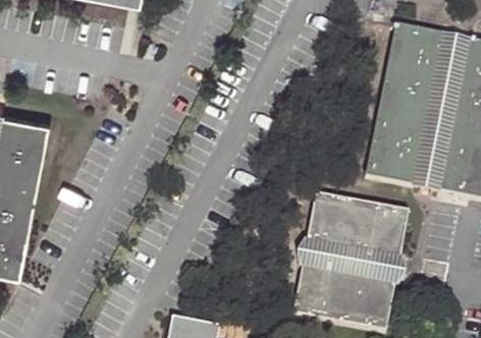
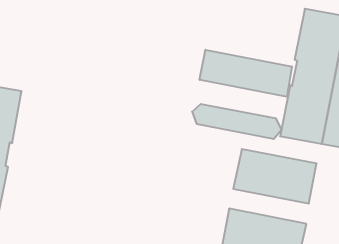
building: none -> [200,50,292,97]
building: [296,239,403,281] -> [192,104,281,139]

